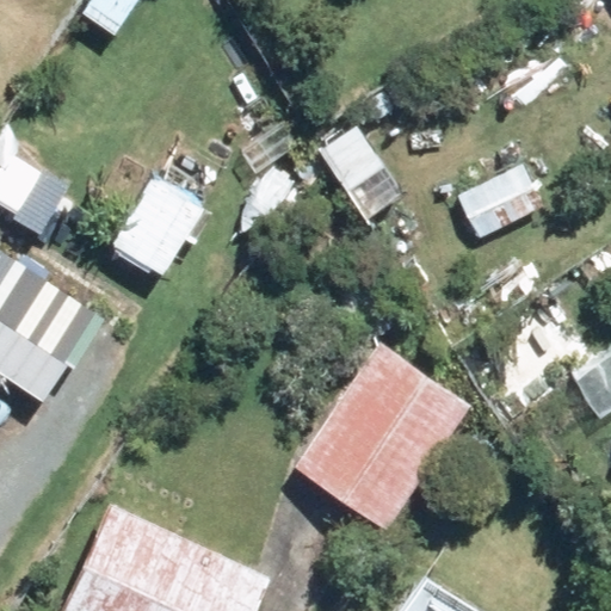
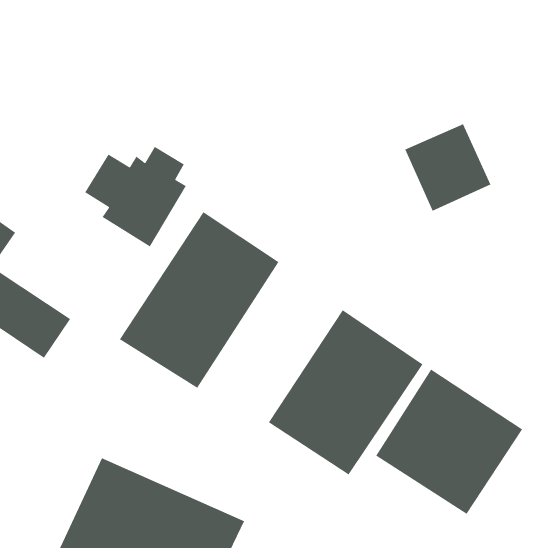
building: none -> [119,211,280,389]
building: none -> [375,369,523,515]

